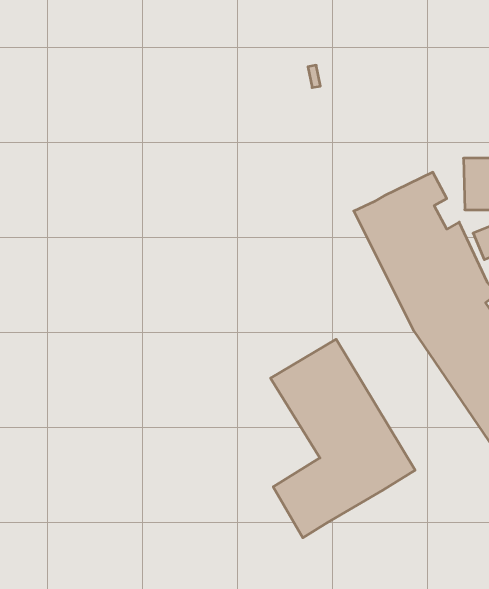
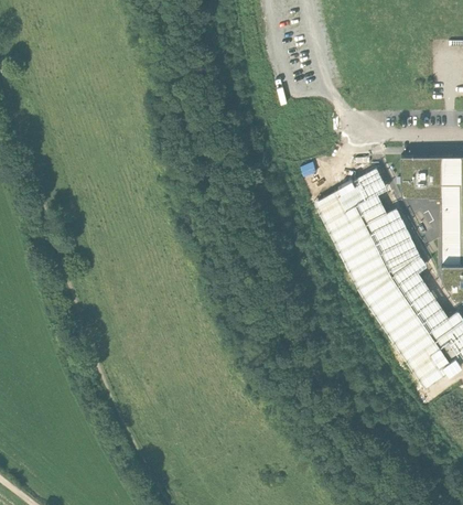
building: [271,339,415,538] -> none

